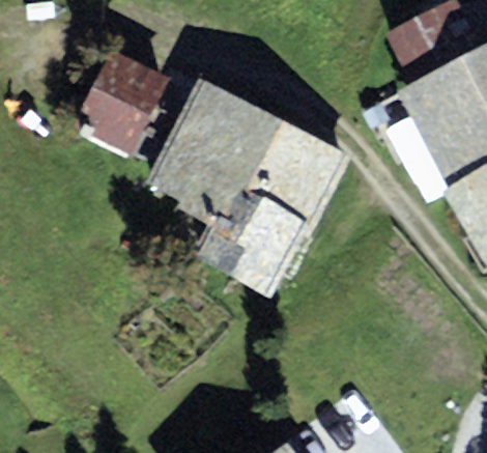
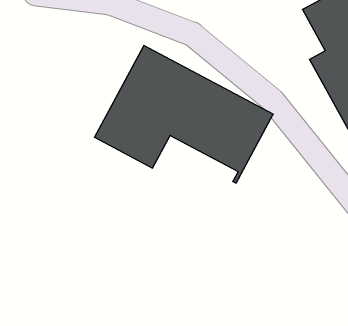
building: [71,50,168,157] -> none
building: [193,182,311,296] -> none

